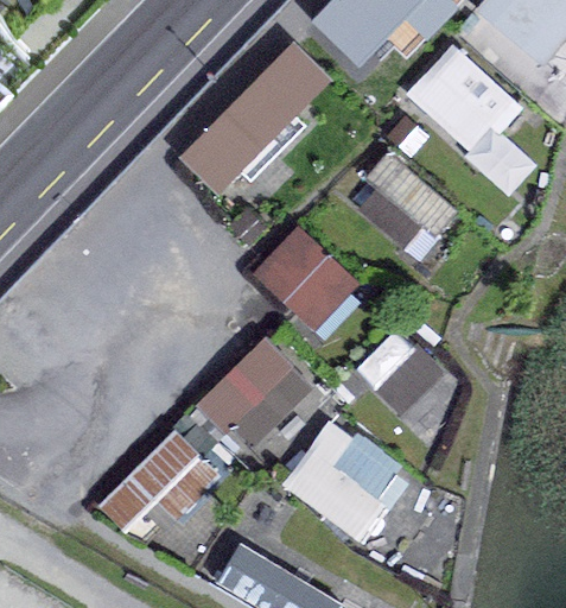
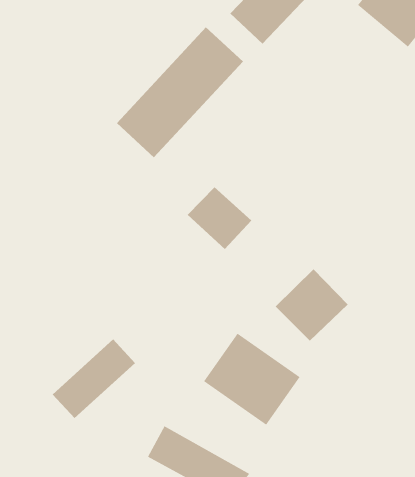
building: [402,43,539,197] -> none
building: [348,151,453,255] -> none
building: [196,340,312,455] -> none

